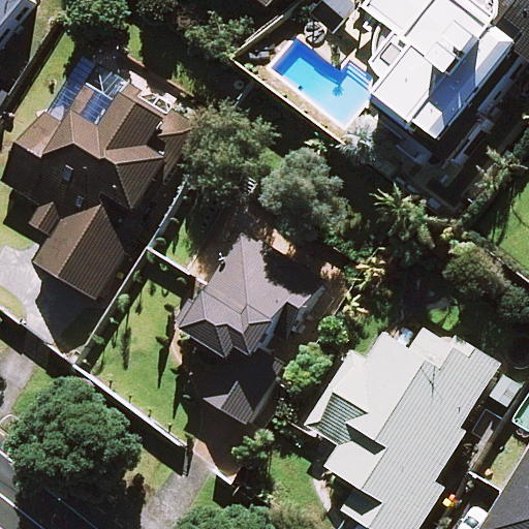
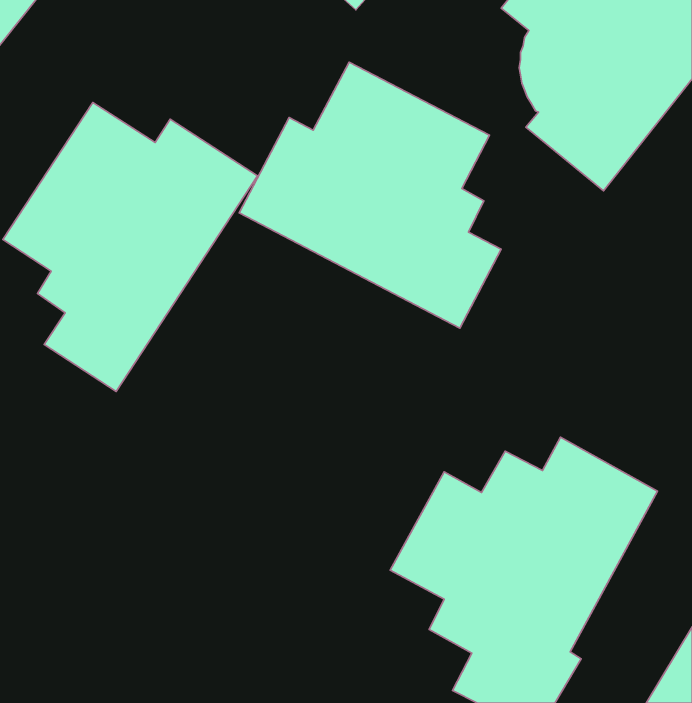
building: none -> [239,62,501,328]
building: [185,232,313,419] -> none

